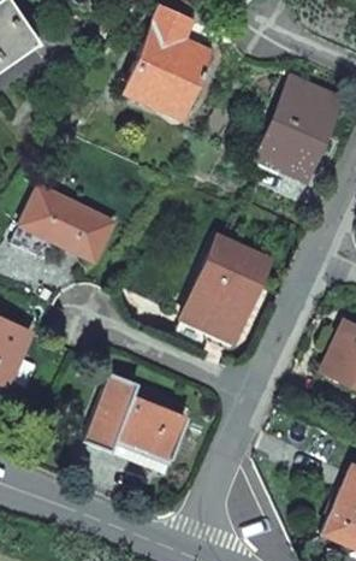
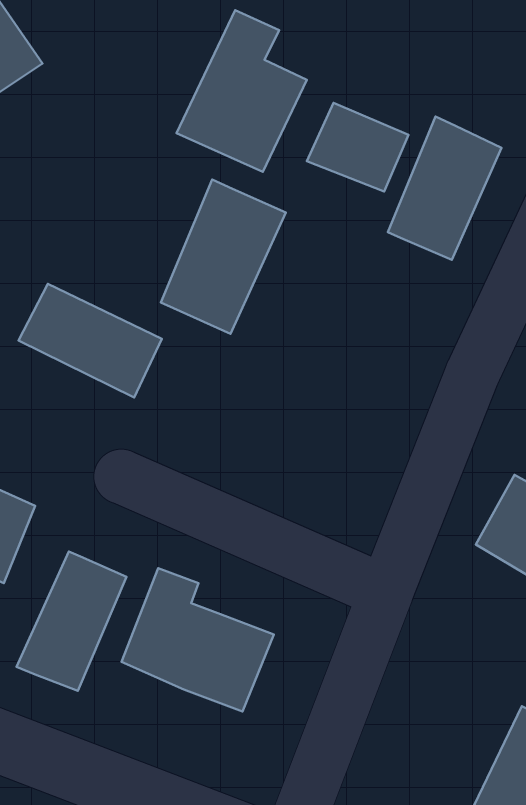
building: none -> [307,103,408,192]
building: [183,240,265,341] -> [161,180,286,334]
building: none -> [17,552,127,691]

